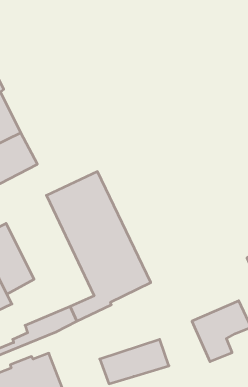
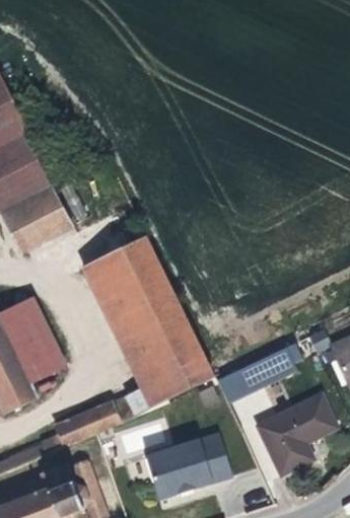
building: none -> [214,339,301,401]

